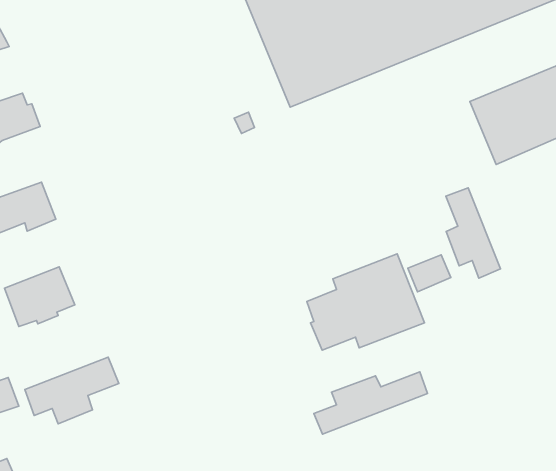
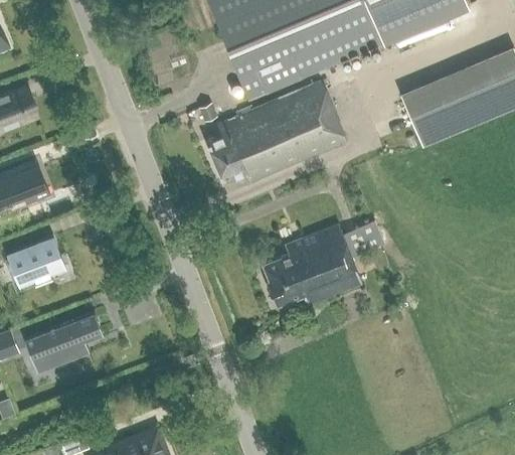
building: none -> [205,81,346,182]
building: [446,188,501,278] -> none
building: [314,372,427,434] -> none

